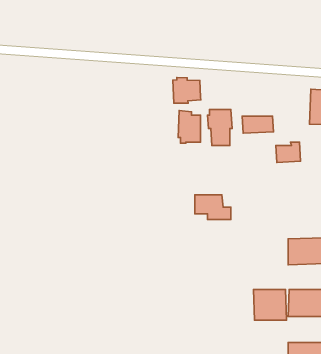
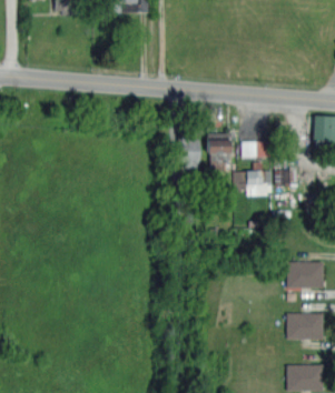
building: [173,77,201,103] -> none
building: [195,195,231,220] -> [235,171,270,195]
building: [254,290,286,320] -> none

